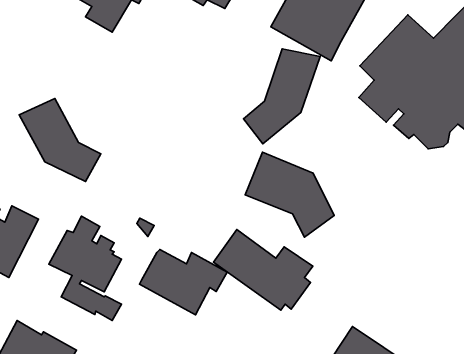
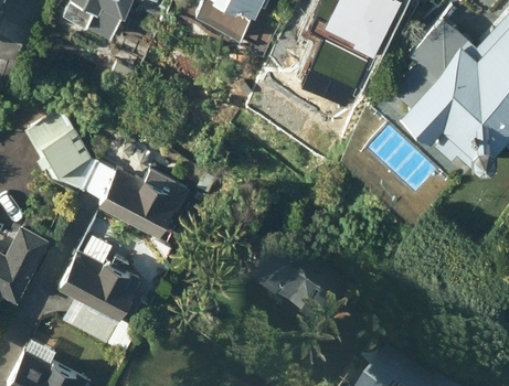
building: [244,49,320,144] -> none
building: [245,152,334,237] -> none
building: [139,250,227,315] -> [96,165,191,236]

